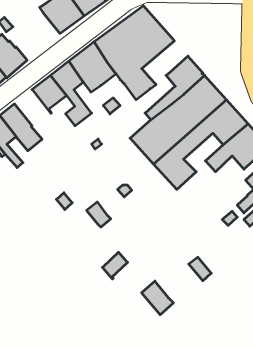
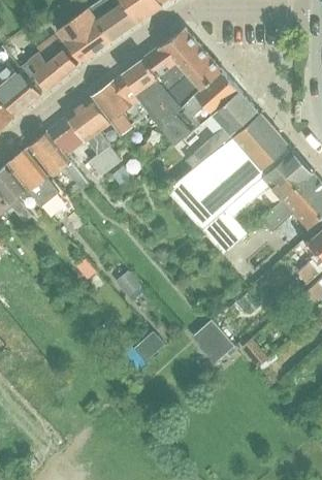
building: none -> [22,35,77,90]
building: none -> [182,71,239,116]
building: none -> [28,131,89,189]
building: [142,281,173,315] -> [195,319,234,360]

